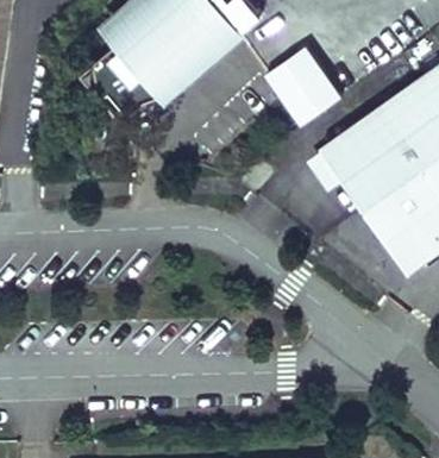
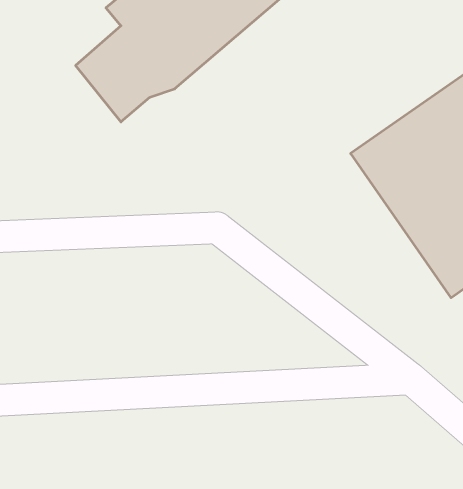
building: [269,51,344,128] -> none

